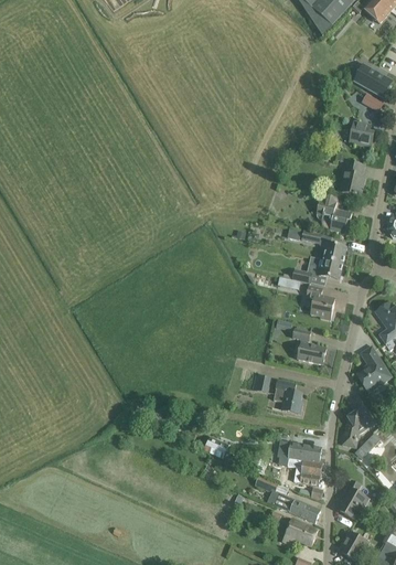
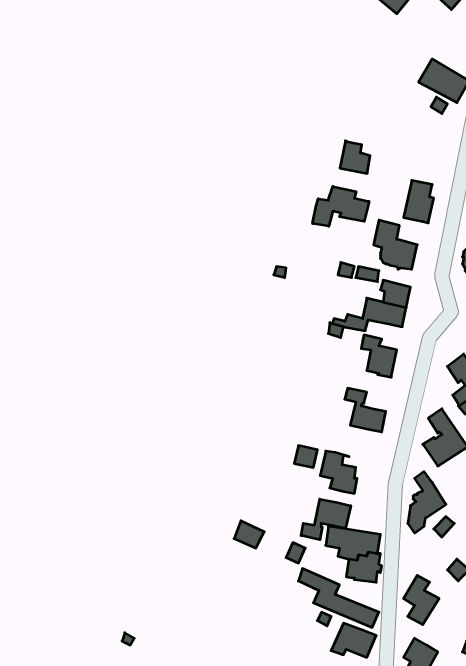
building: [350,120,374,147] -> [340,141,370,173]
building: none -> [313,186,369,226]
building: none -> [301,499,351,540]

